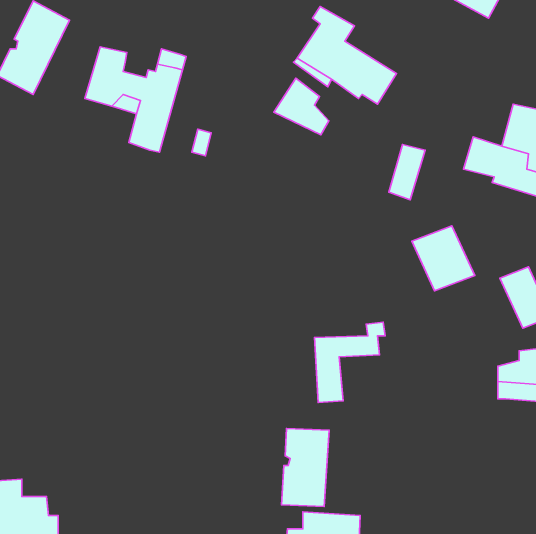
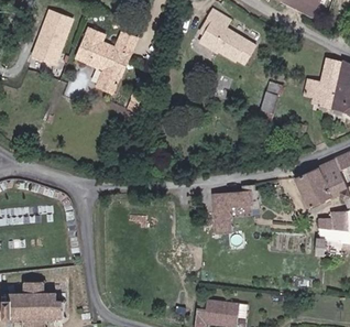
building: [274,78,329,135] -> none
building: [412,226,475,291] -> [293,166,329,204]
building: [282,428,329,506] -> none

